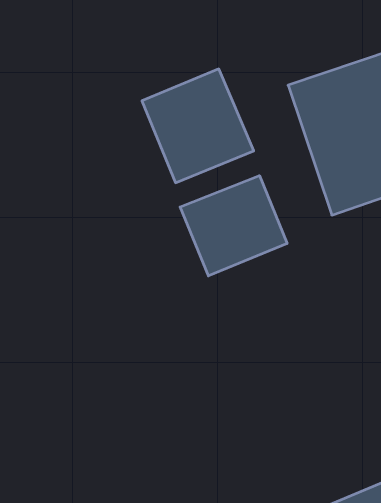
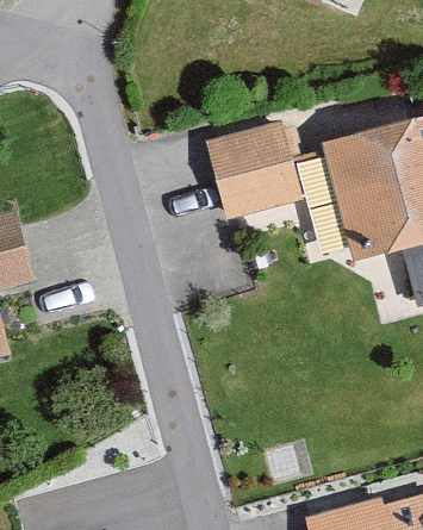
building: [180,176,287,276] -> none

